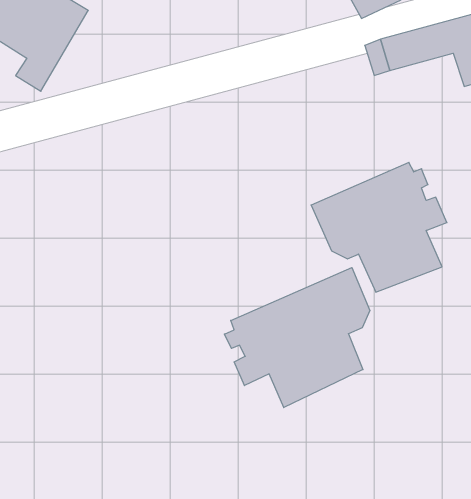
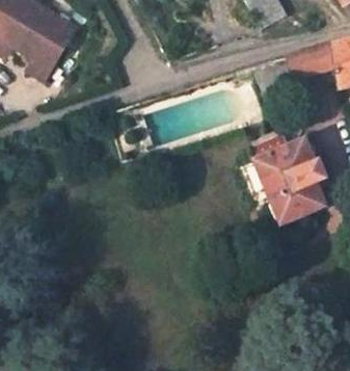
building: [224,268,370,408] -> none

